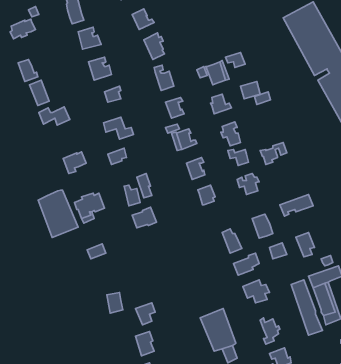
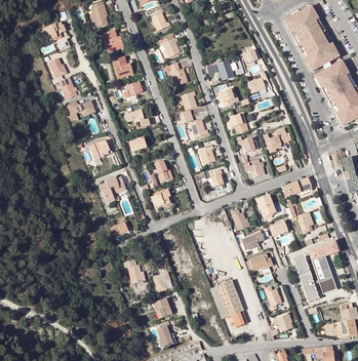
building: [38,190,78,237] -> none

